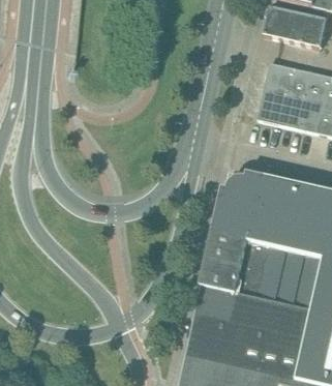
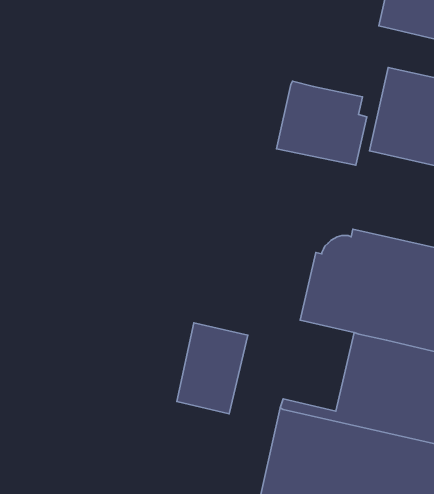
building: none -> [277,81,367,165]
building: [200,232,247,293] -> [177,323,248,414]

